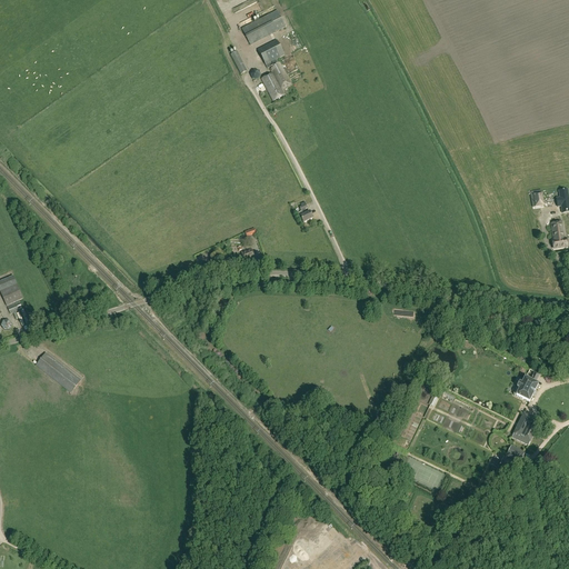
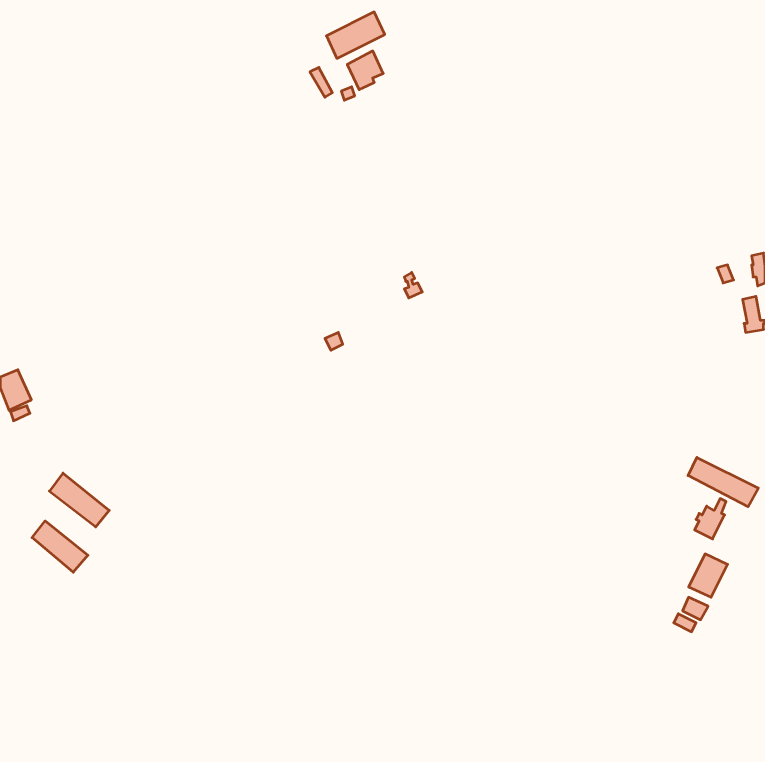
building: [261,61,290,99] -> none
building: none -> [688,457,758,507]
building: none -> [32,521,88,572]

